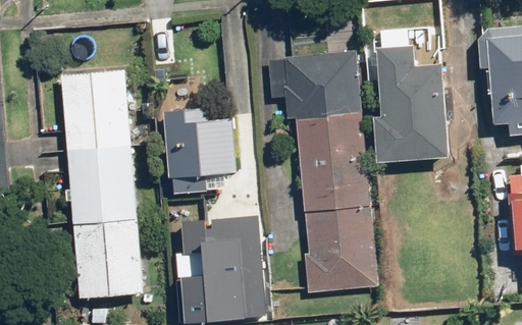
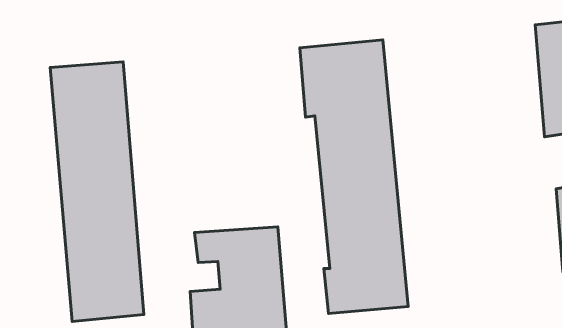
building: [374,45,451,162] -> none
building: [164,108,238,195] -> none

